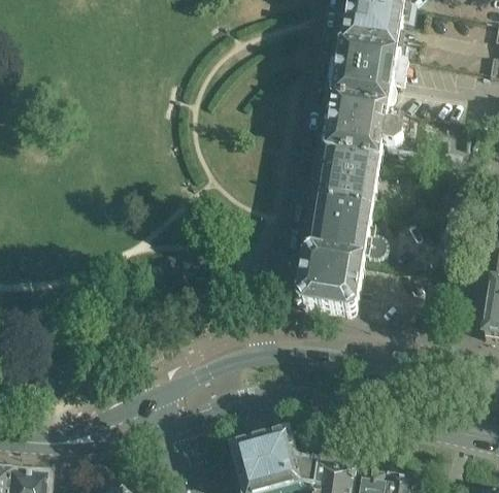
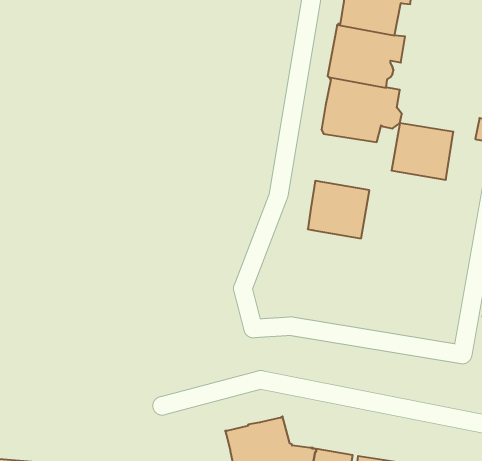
building: [317,153,377,208] -> [391,123,453,180]
building: [296,247,363,310] -> none

